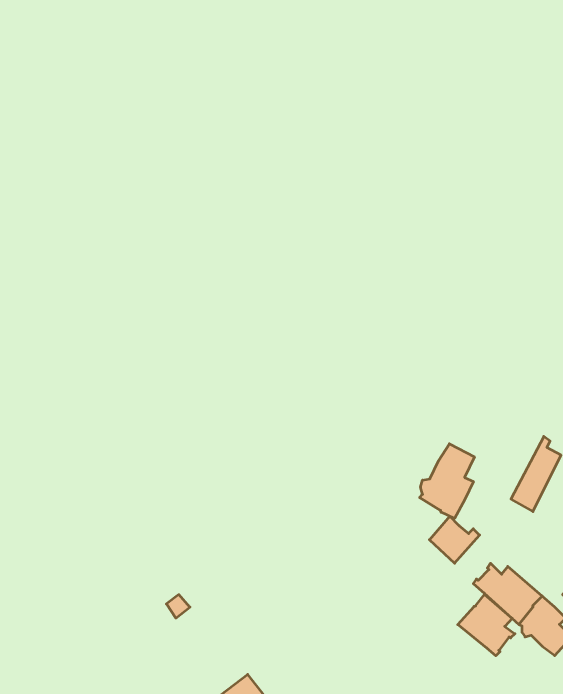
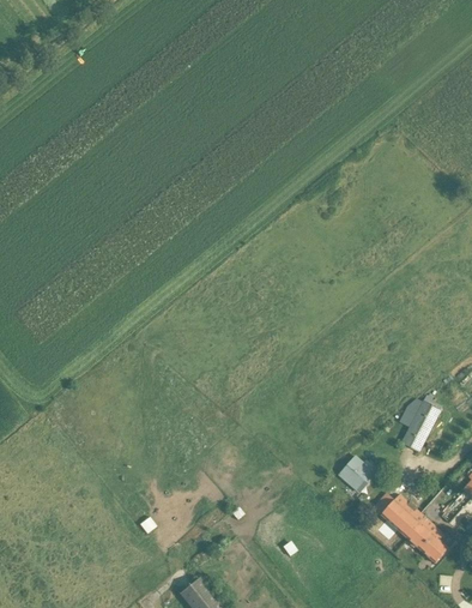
building: [420,444,474,518] -> none
building: [458,594,515,656] -> none

